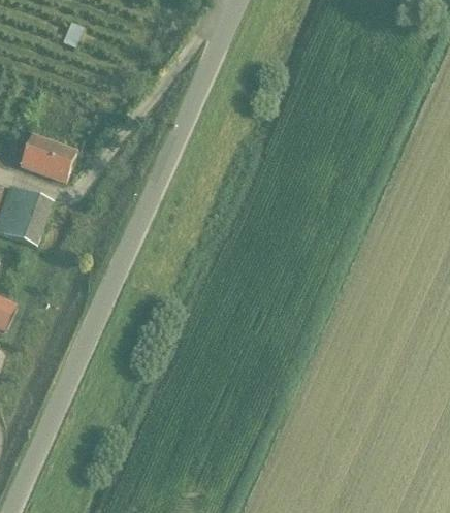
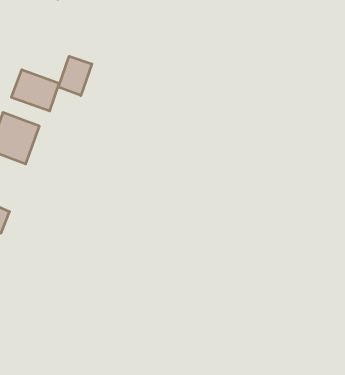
building: none -> [58,56,92,96]

